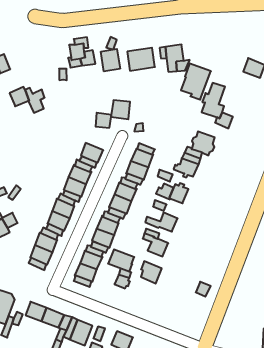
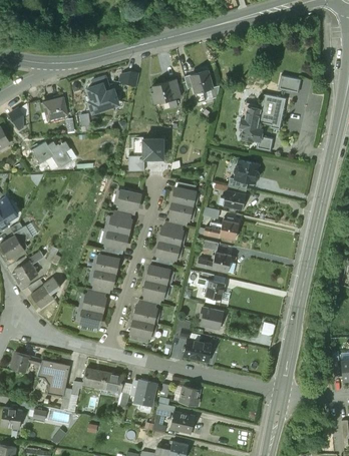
building: [101,49,120,71] -> none
building: none -> [43,97,67,119]
building: [181,63,211,100] -> [258,93,287,130]
building: [108,249,134,271] -> [184,340,211,361]

